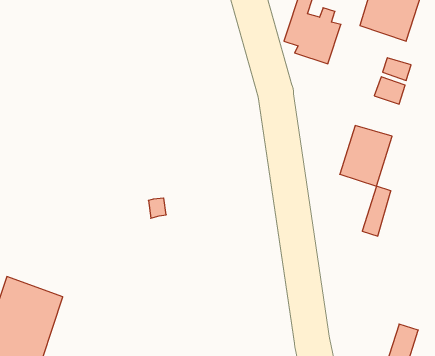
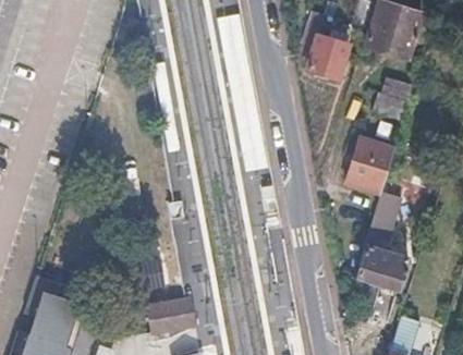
building: none -> [354,245,409,291]
building: none -> [151,301,196,335]

